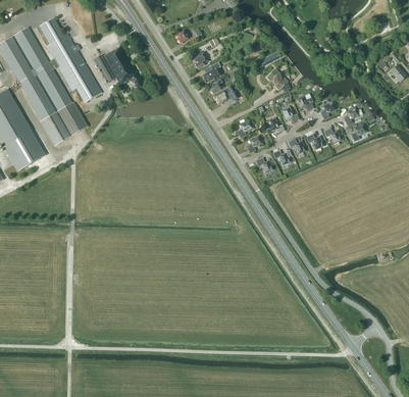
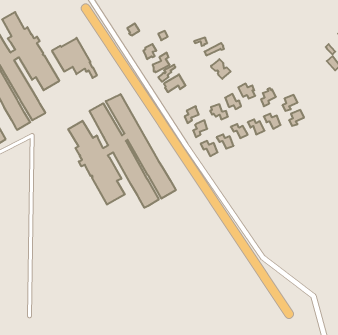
building: none -> [68,94,176,208]

